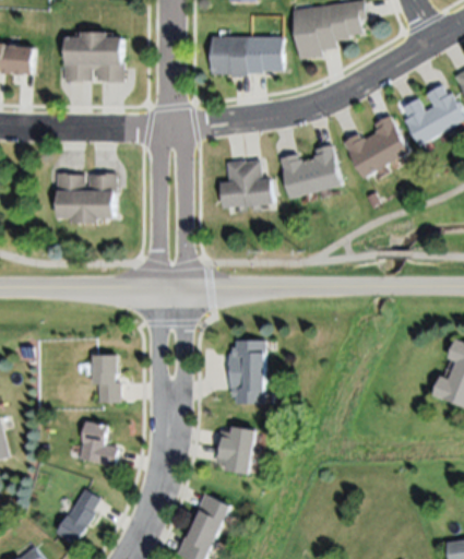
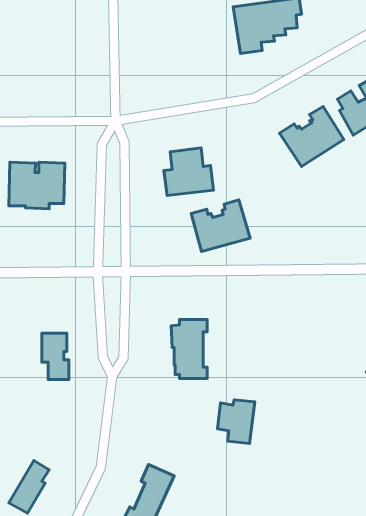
building: [63,32,123,81] -> none
building: [212,36,283,75] -> none
building: [279,144,342,199] -> [191,200,250,252]
building: [76,421,116,466] -> none
building: [215,427,254,473] -> [217,400,255,443]

